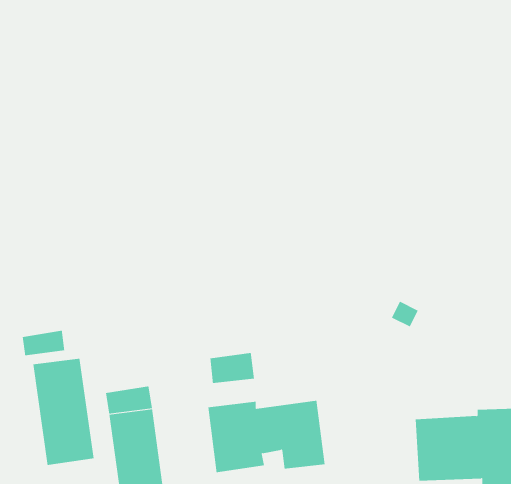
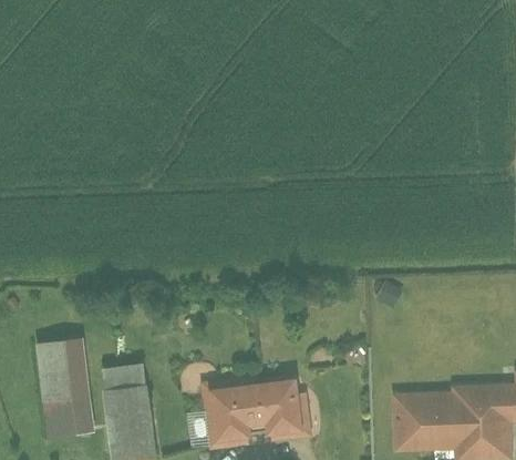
building: [22,330,65,356] -> none
building: [210,352,254,384] -> none

